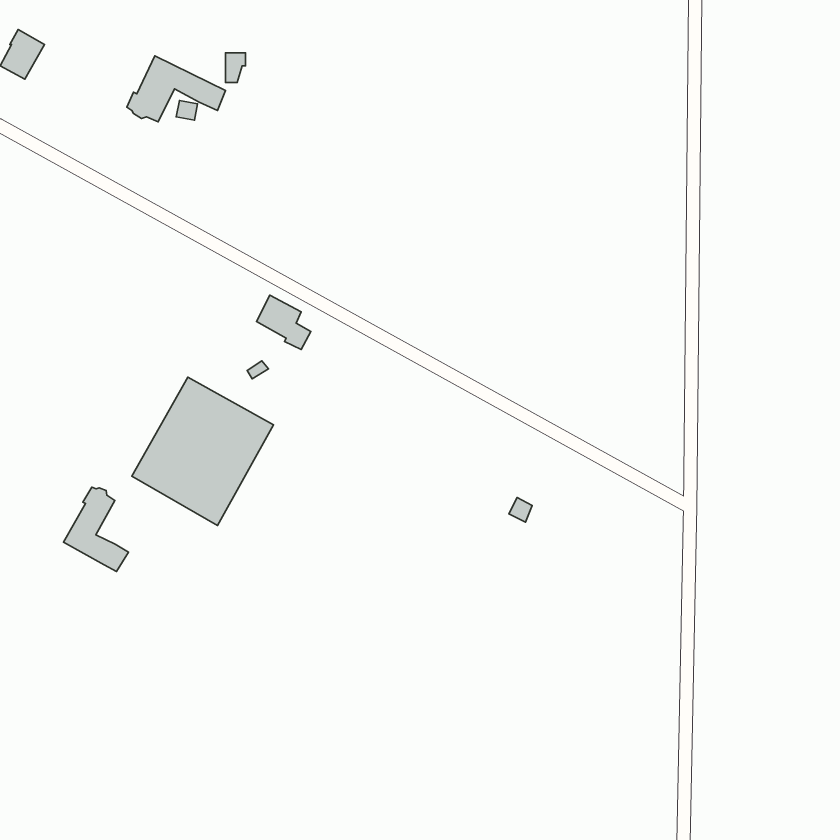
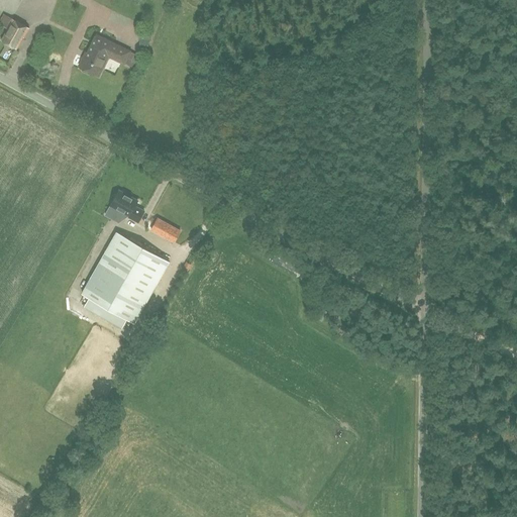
building: [257,295,311,350] -> [109,190,142,223]
building: [64,487,128,572] -> none

